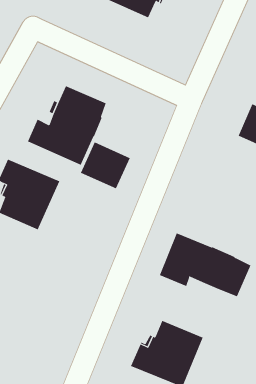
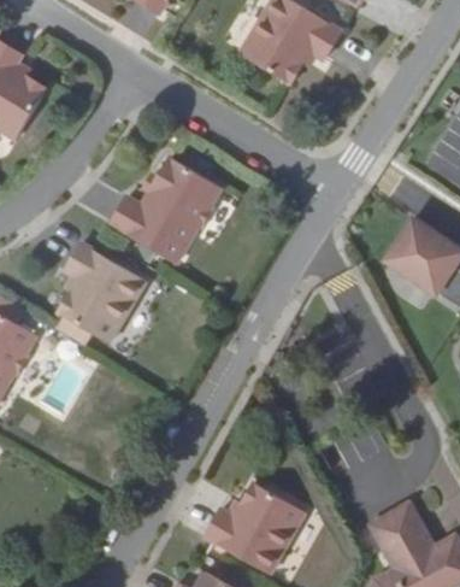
building: [80,142,131,189] -> none
building: [159,233,251,297] -> none

